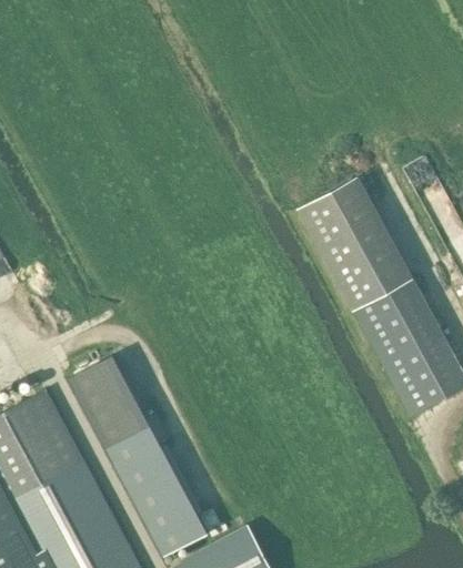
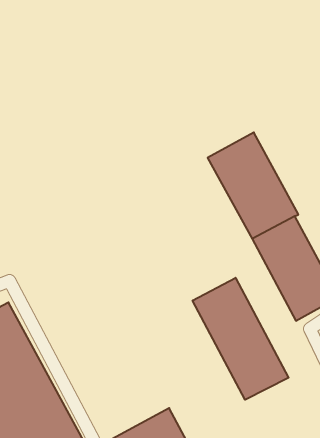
building: [68,352,210,555] -> none
building: none -> [193,278,289,400]

